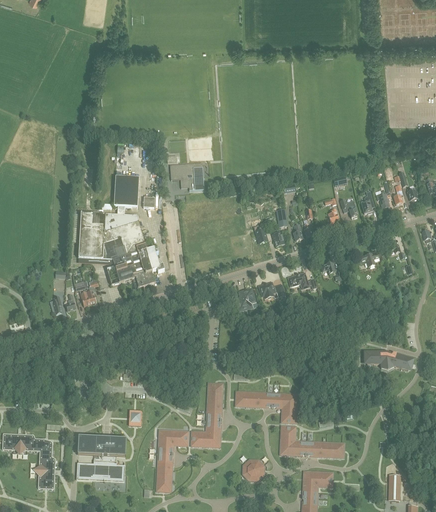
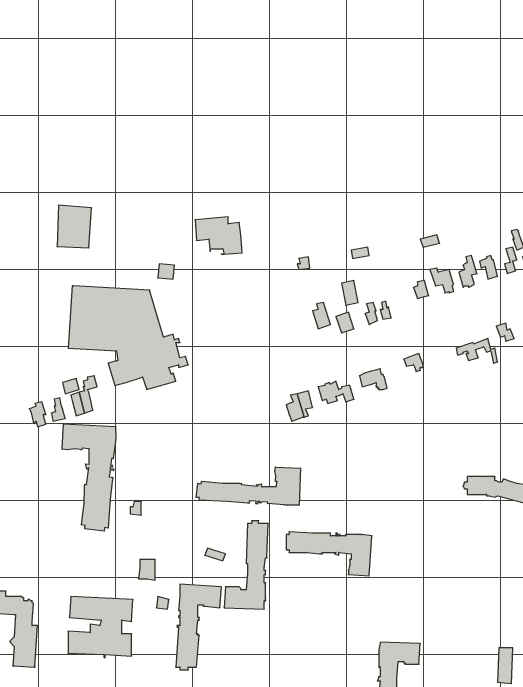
building: [113,176,138,207] -> [57,205,92,248]
building: none -> [62,424,116,531]
building: none -> [196,467,300,505]
building: [279,425,343,457] -> none
building: [242,459,264,481] -> none

